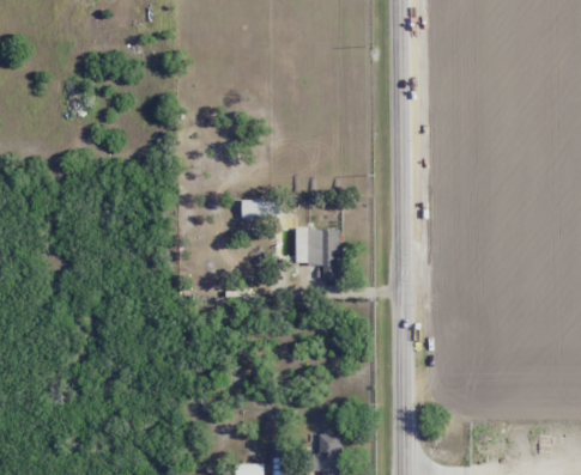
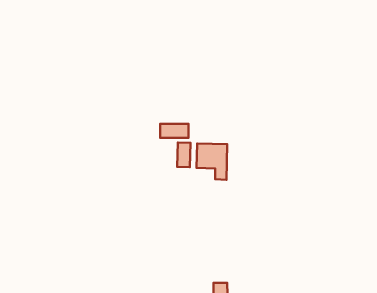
building: none -> [177,142,190,167]

